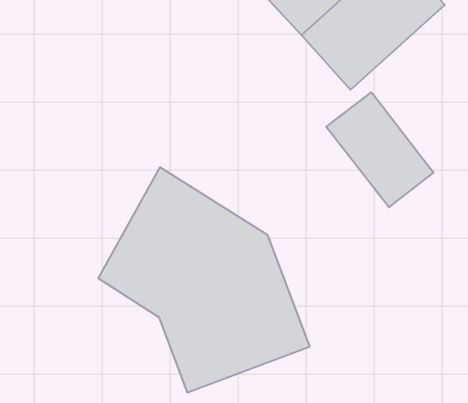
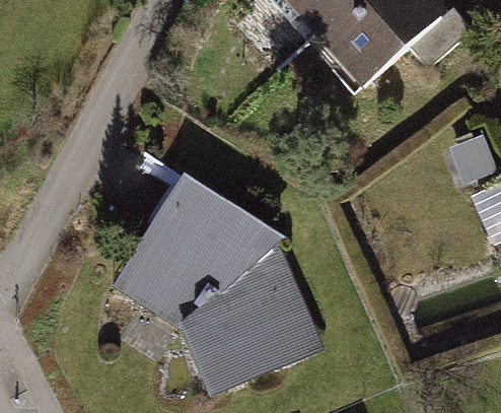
building: [326,92,434,207] -> none

